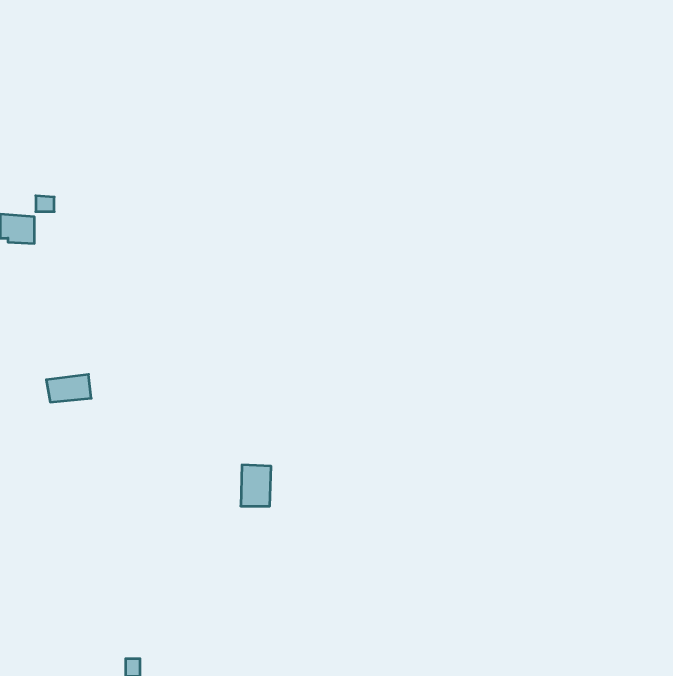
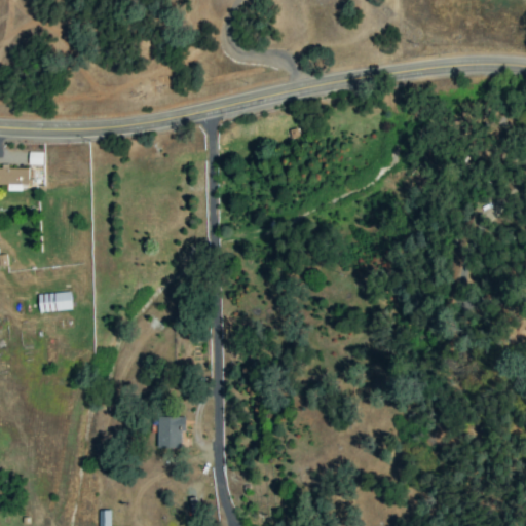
building: [241,465,271,506] -> [158,416,182,448]

